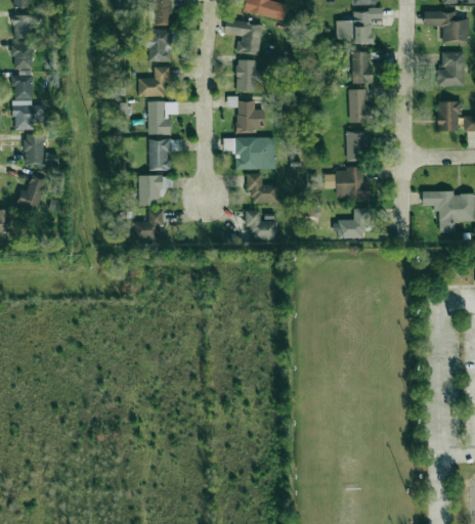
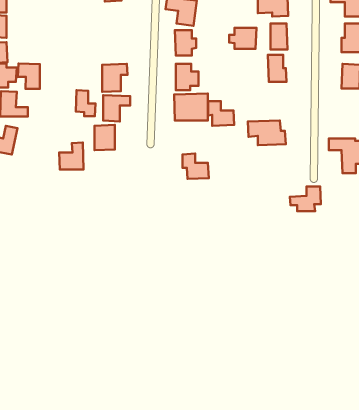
building: [142,31,171,61] -> none
building: none -> [229,28,257,49]
building: [138,67,170,97] -> none
building: none -> [18,64,40,89]
building: [346,131,369,161] -> none
building: none -> [76,90,96,116]
building: [247,174,278,204] -> [208,101,234,126]
building: [333,209,371,238] -> [290,187,321,211]
building: [132,210,162,243] -> [59,142,84,169]

